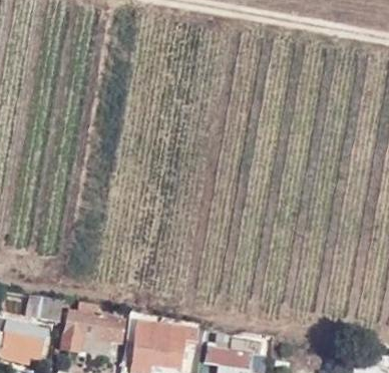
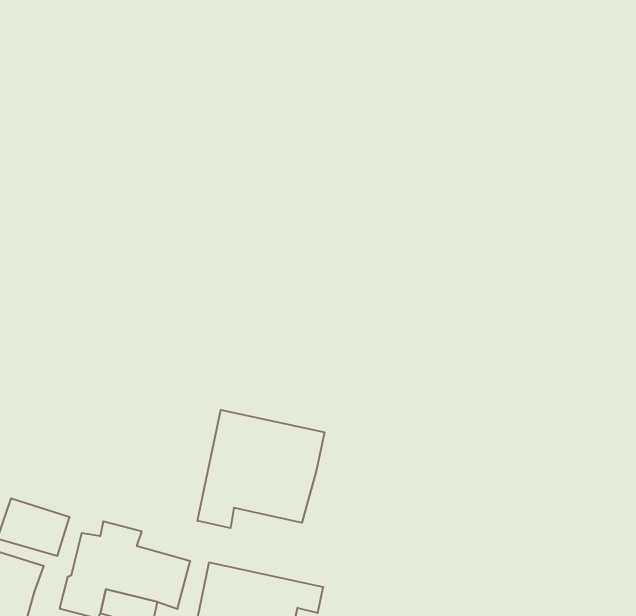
building: none -> [198,410,324,528]

